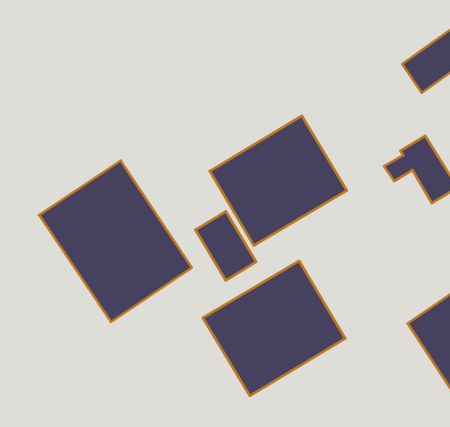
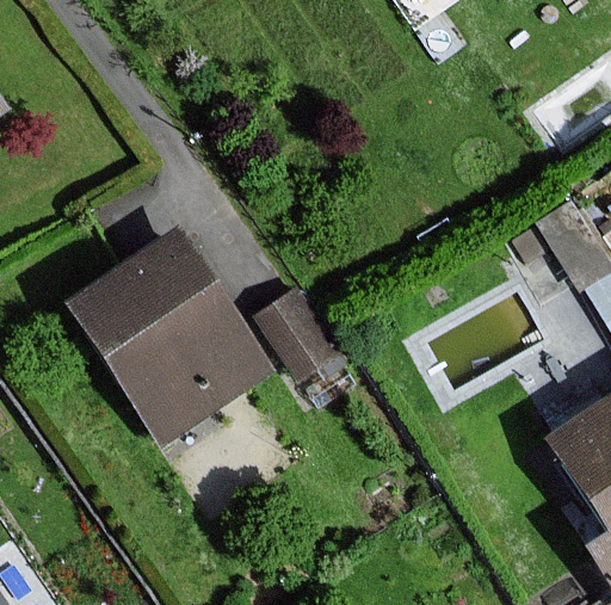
building: [210,116,347,246] -> none
building: [203,261,345,396] -> none

